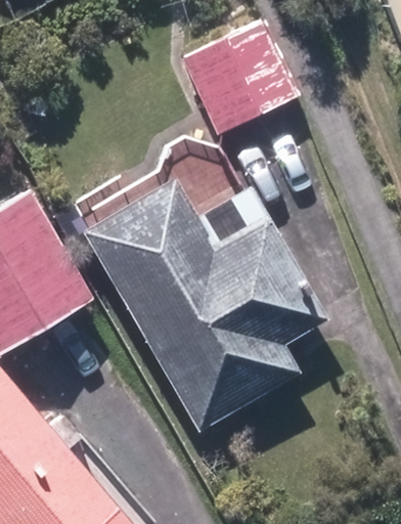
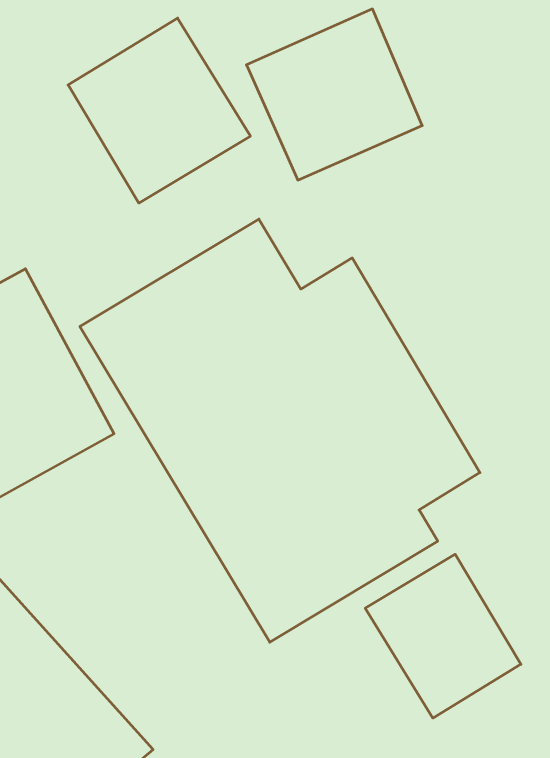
building: none -> [68,18,250,203]
building: none -> [365,554,521,718]

